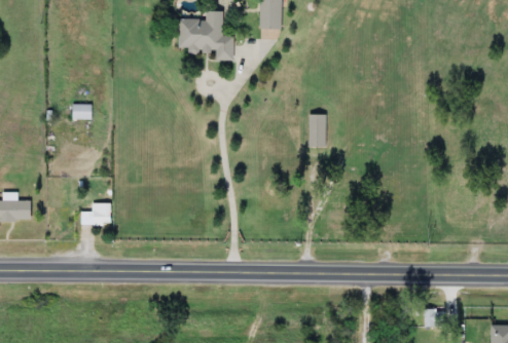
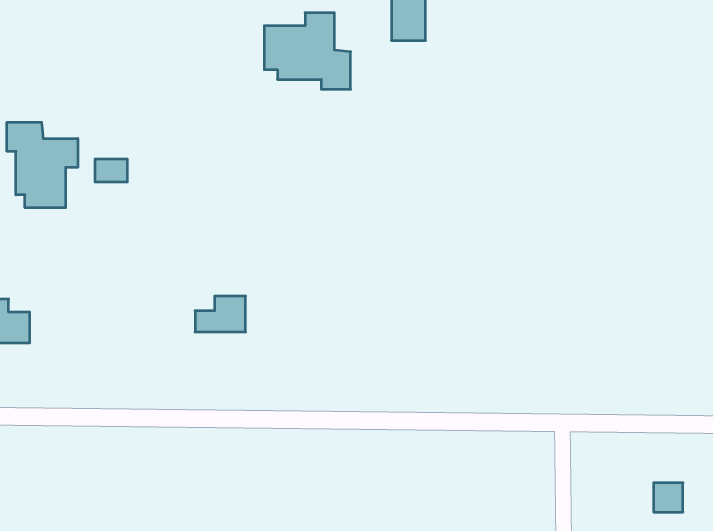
building: none -> [7,122,78,208]
building: [309,115,327,148] -> none
building: [80,202,112,225] -> [195,296,246,332]

